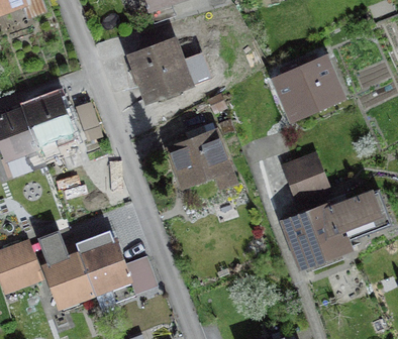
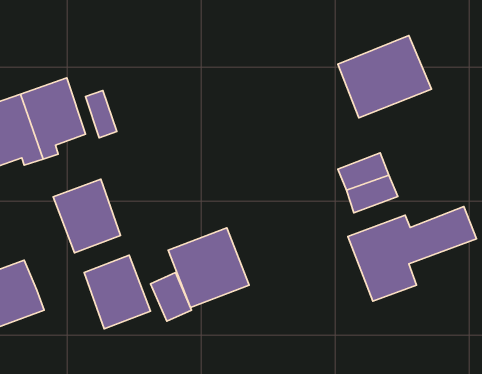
building: [131,36,198,103] -> none
building: [170,128,235,193] -> [168,228,249,308]
building: [34,247,89,307] -> [53,179,121,253]

